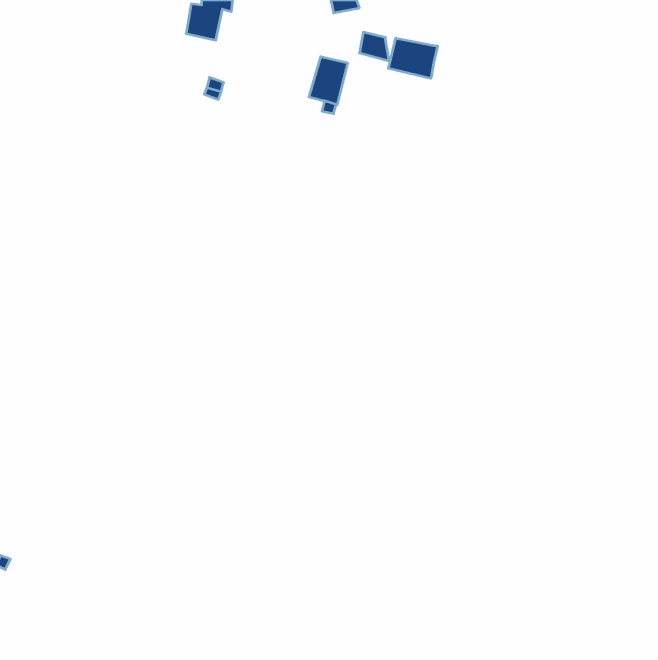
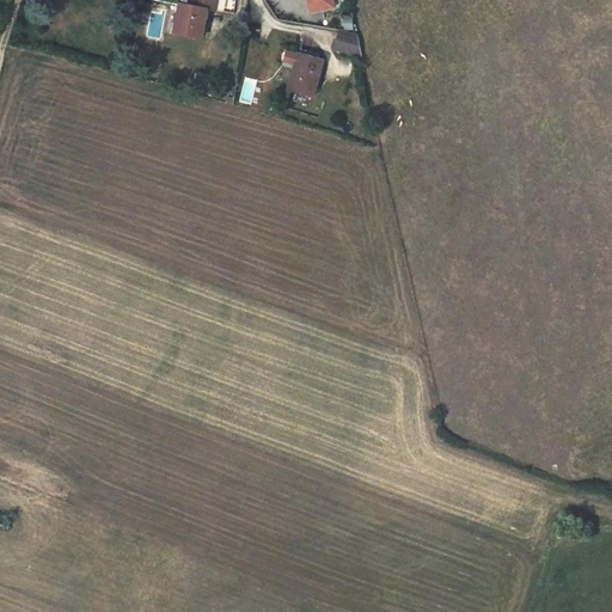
building: [388,38,438,78] -> none

